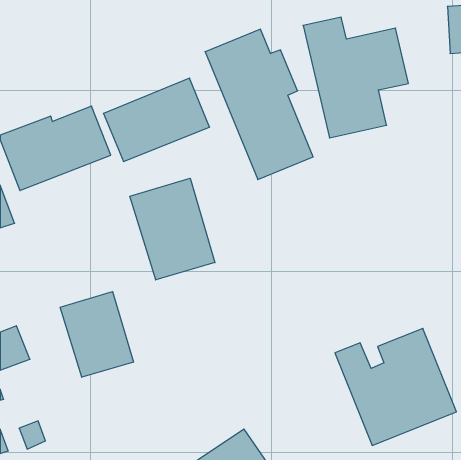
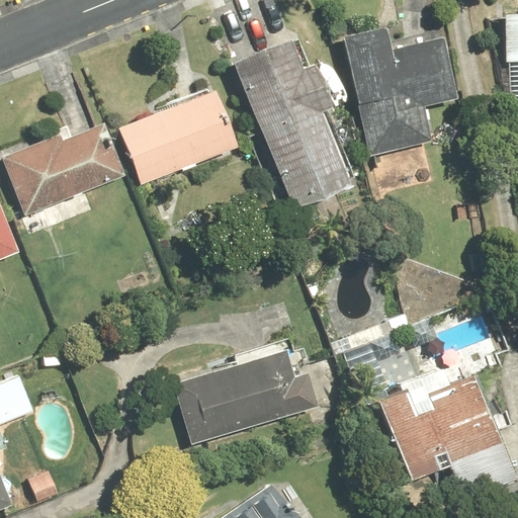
building: [130,178,215,280] -> none
building: [60,292,133,377] -> none
building: none -> [173,347,319,444]

